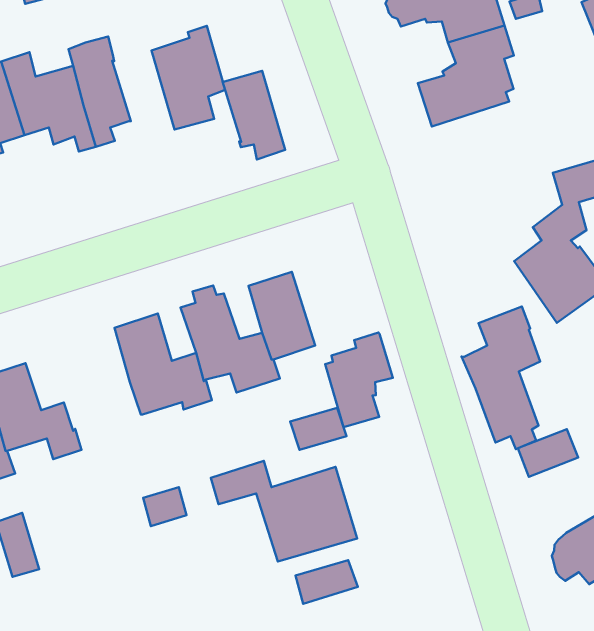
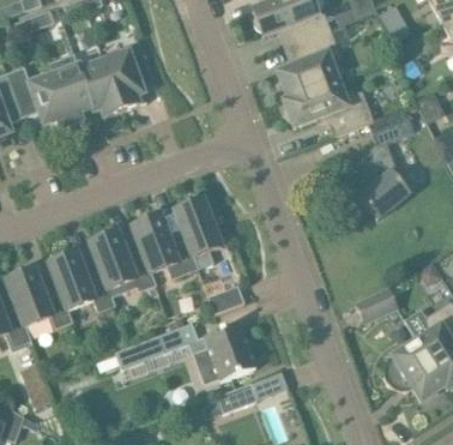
building: [223,71,285,159] -> [78,60,121,118]
building: none -> [283,79,374,136]
building: [462,306,540,449] -> none
building: [325,333,393,427] -> none
building: none -> [49,252,115,312]

